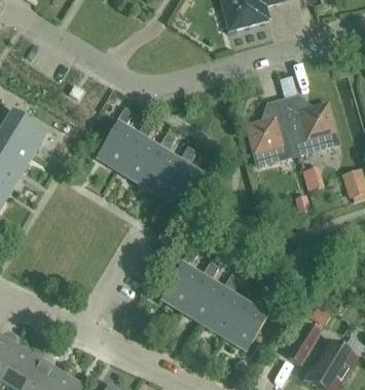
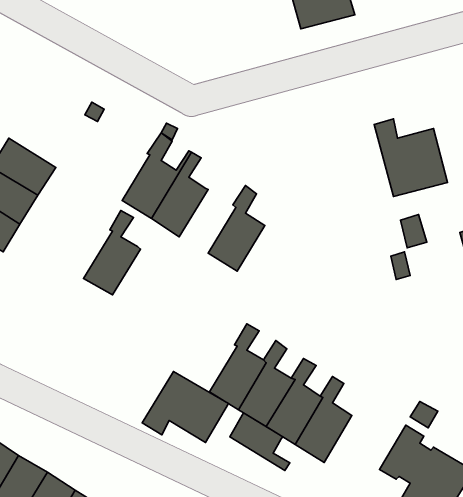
building: [247,100,298,164] -> none
building: [139,132,181,195] -> [84,210,140,295]
building: none -> [142,371,228,442]
building: none -> [230,413,290,471]

